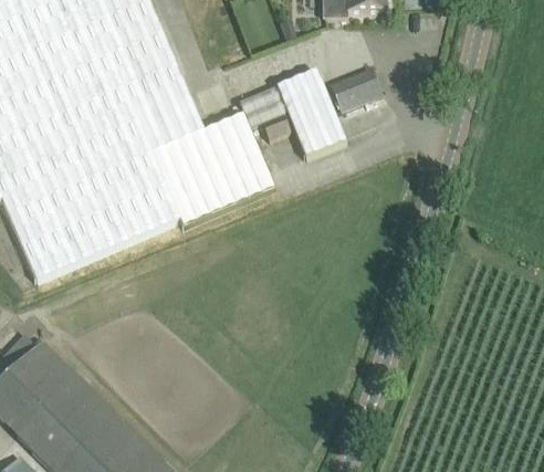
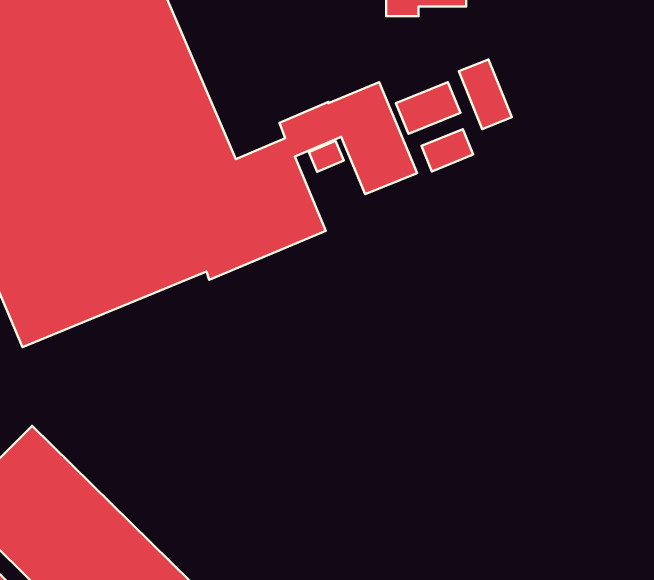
building: none -> [459,59,512,129]
building: none -> [422,129,473,171]

